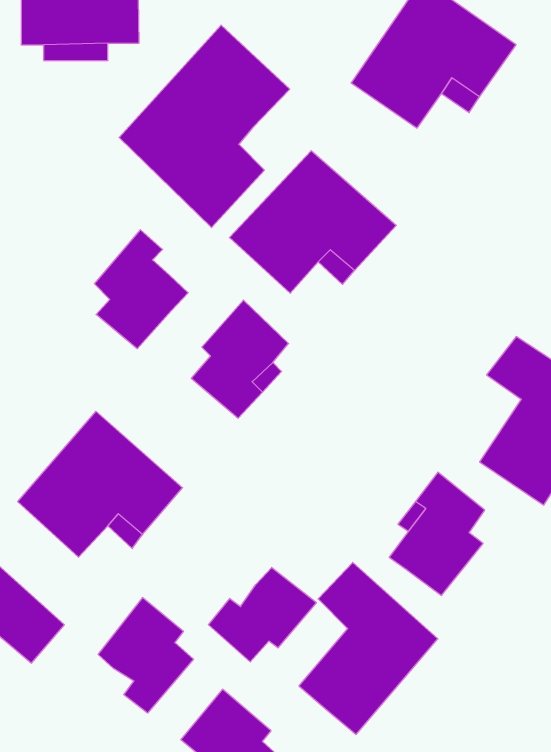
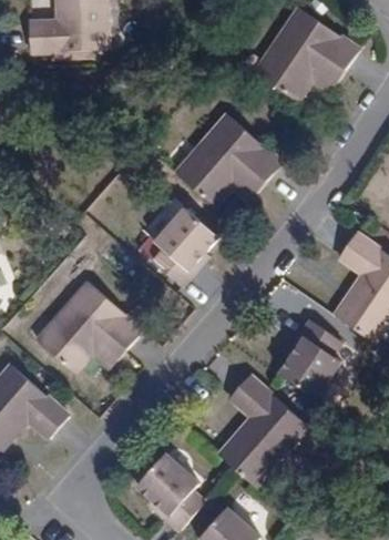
building: [119,25,290,228] -> none
building: [94,230,188,349] -> none
building: [208,567,316,662] -> none
building: [98,598,193,713] -> none

